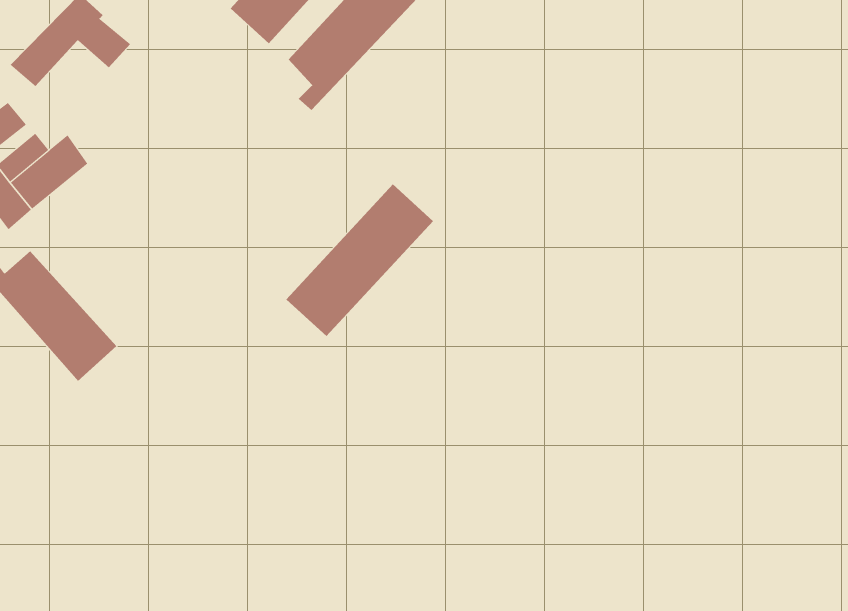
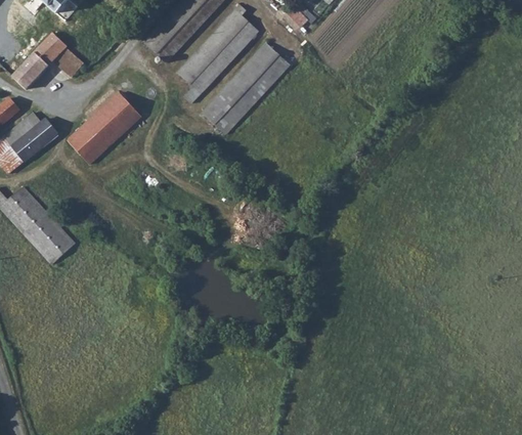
building: none -> [68,92,142,165]
building: [286,184,434,337] -> [202,42,291,134]

